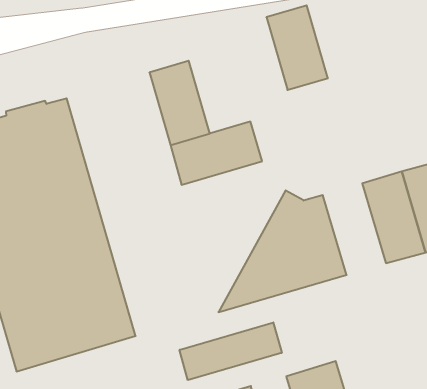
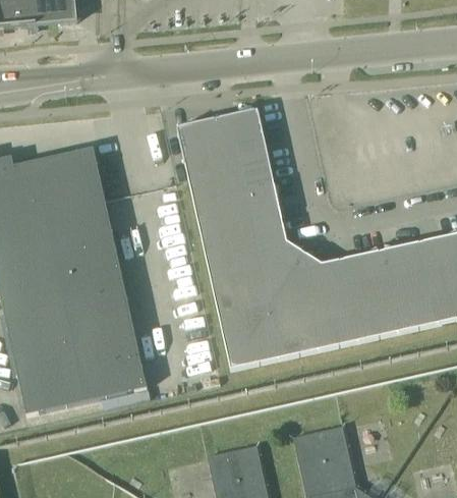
building: [266,5,328,90] -> [216,109,273,191]
building: none -> [201,222,303,369]
building: none -> [340,251,398,340]
building: [180,322,282,380] -> none

